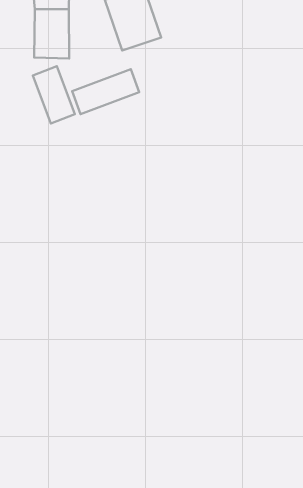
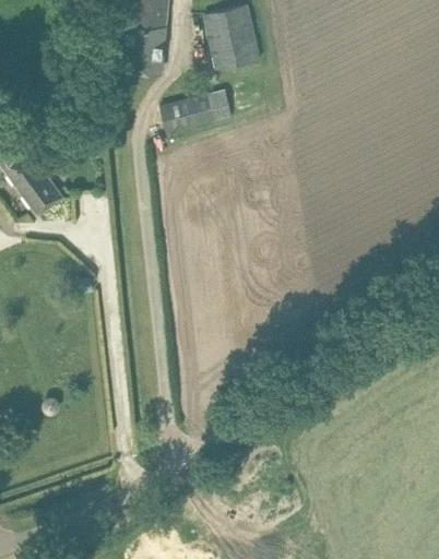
building: [33,66,75,123] -> none

